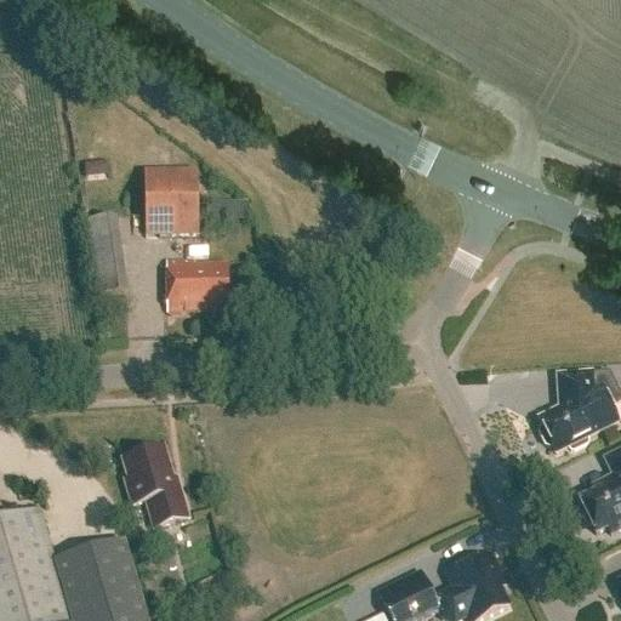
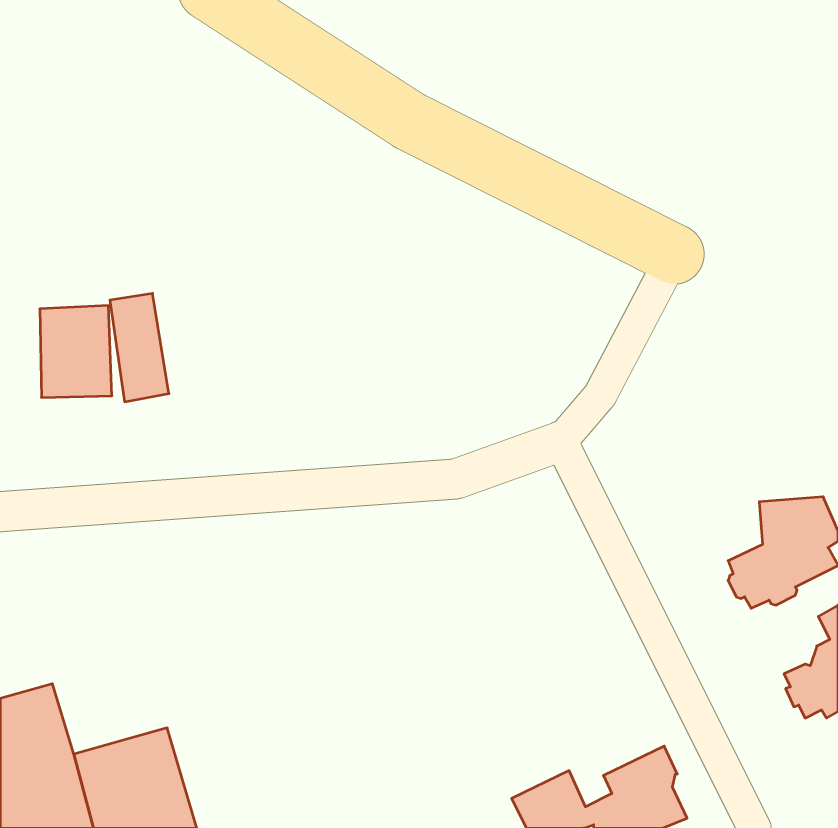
building: [142,171,195,239] -> [40,306,112,397]
building: [166,257,228,310] -> none
building: [121,443,189,526] -> none

